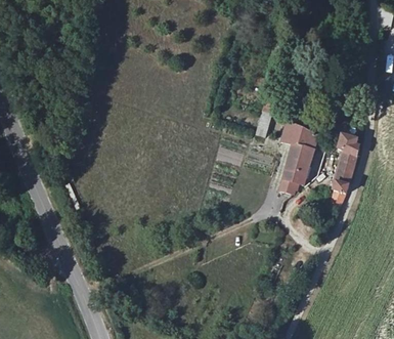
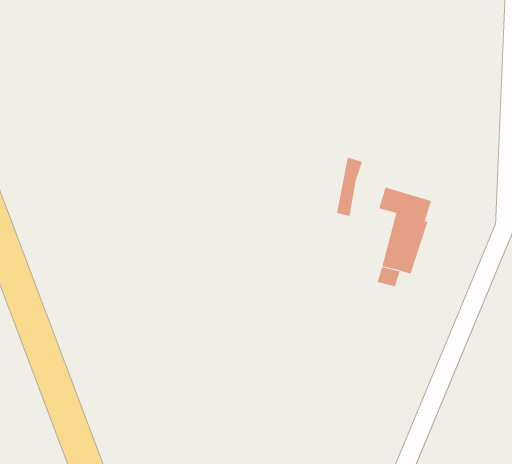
building: [330,132,359,208] -> none

